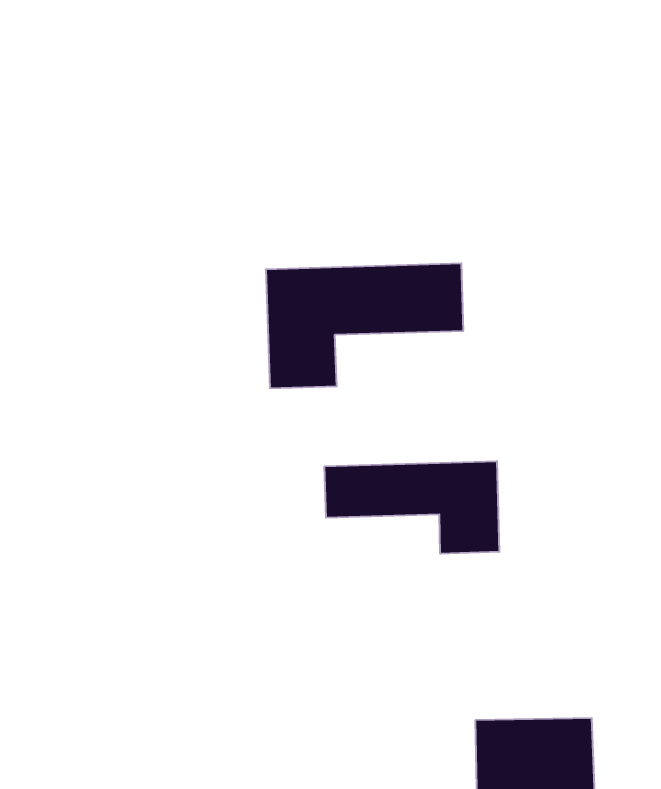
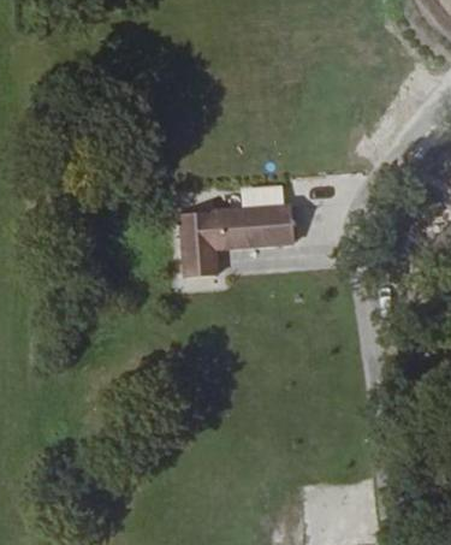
building: [325,461,499,554] -> none

